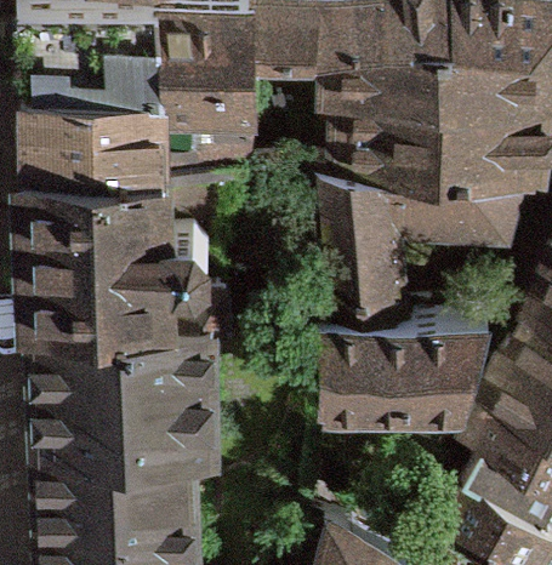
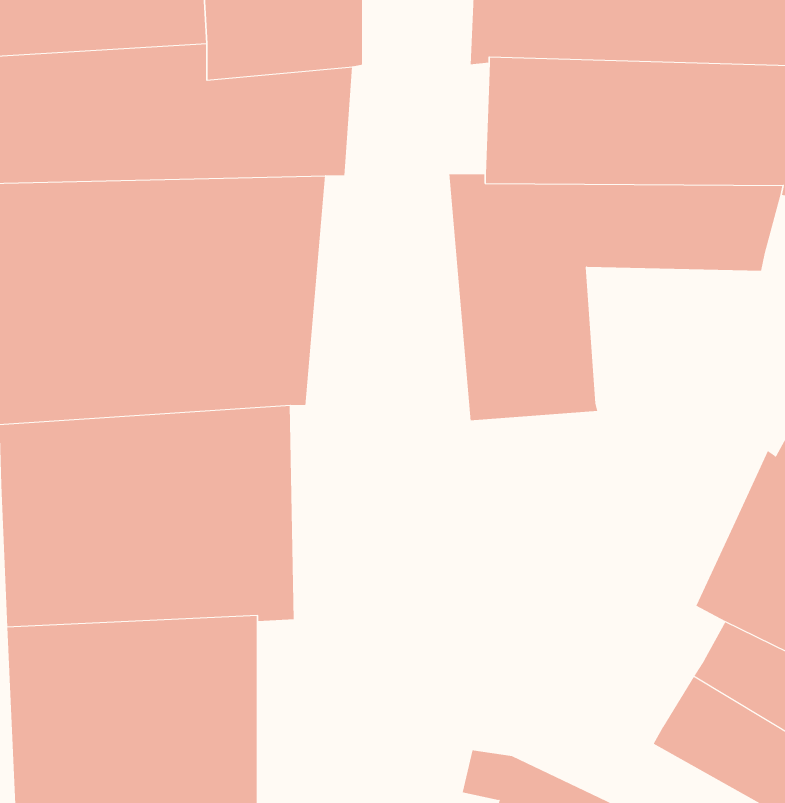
building: [320,304,489,401] -> none

